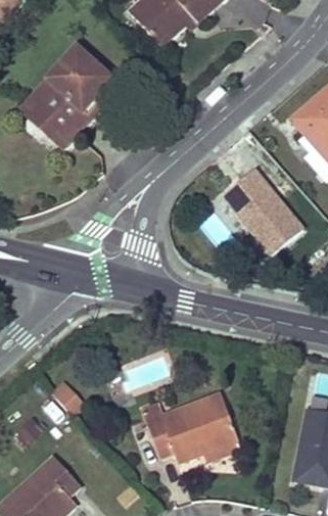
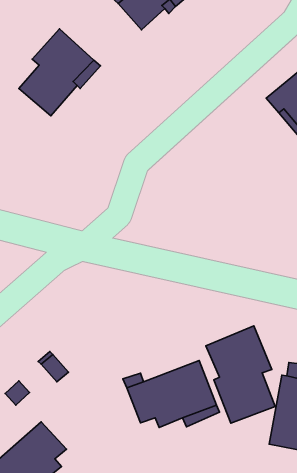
building: [18,78,65,144] -> none
building: [225,168,302,250] -> none
building: none -> [206,326,275,423]

